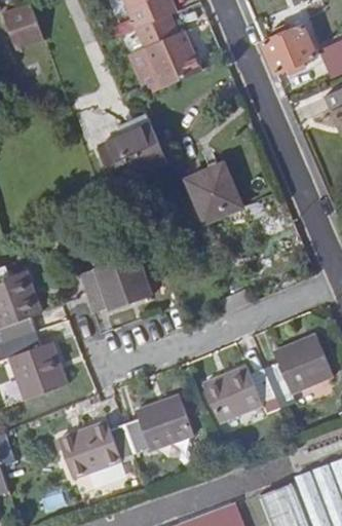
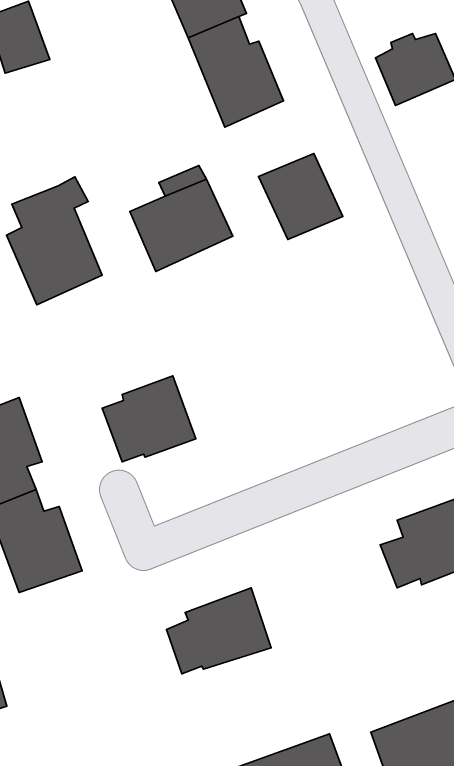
building: none -> [6,177,102,305]
building: [186,165,242,223] -> [258,153,343,239]
building: [206,365,277,421] -> none
building: [59,421,134,479] -> none

